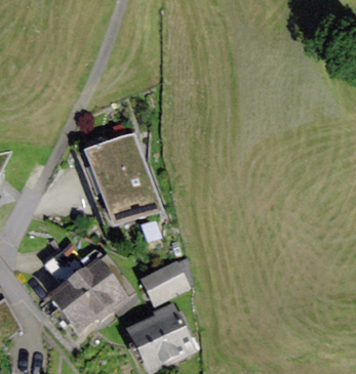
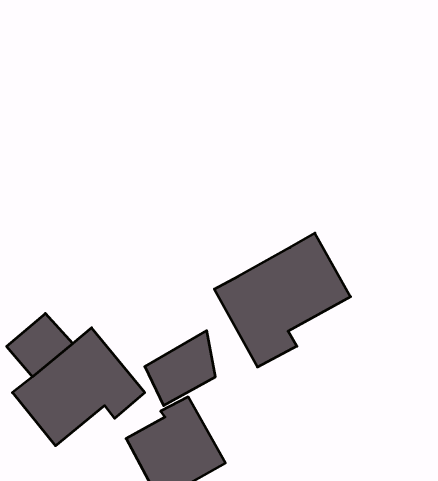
building: [82,132,162,228] -> none
building: none -> [214,233,351,367]

